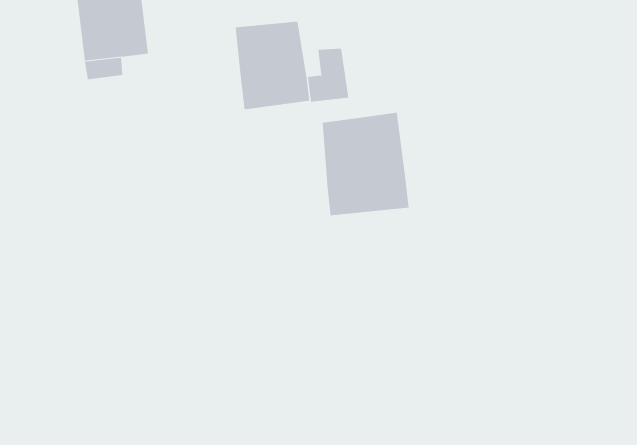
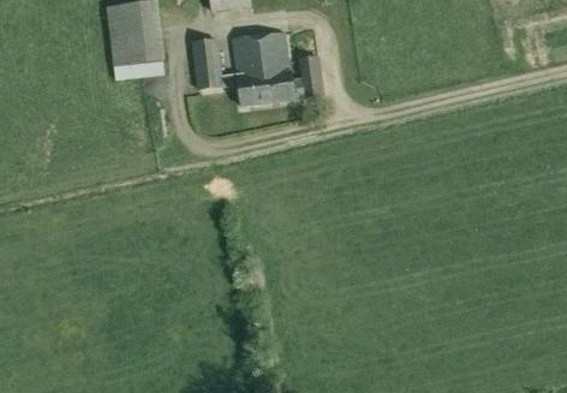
building: none -> [192,37,238,88]
building: [322,112,409,216] -> none

